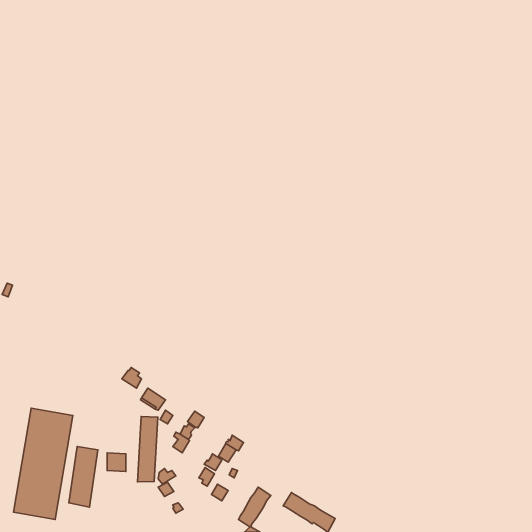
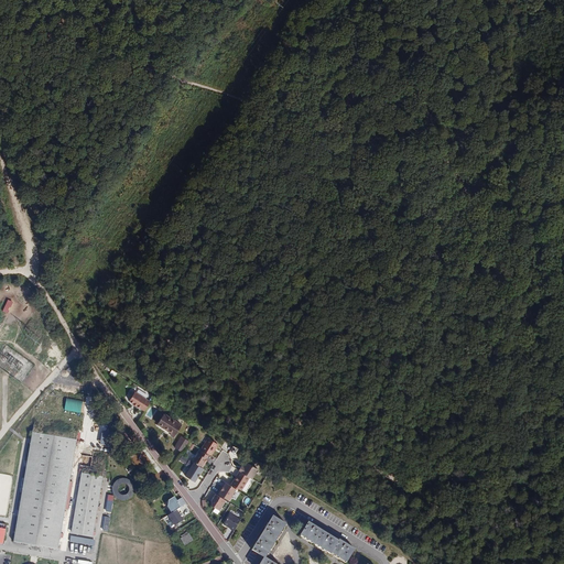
building: [138,416,158,482] -> none

